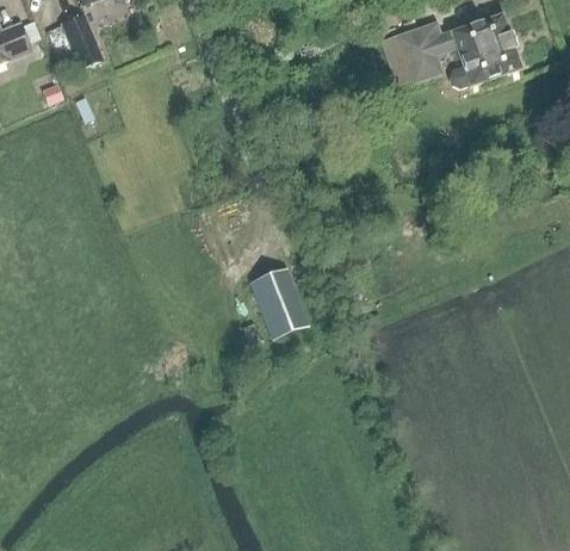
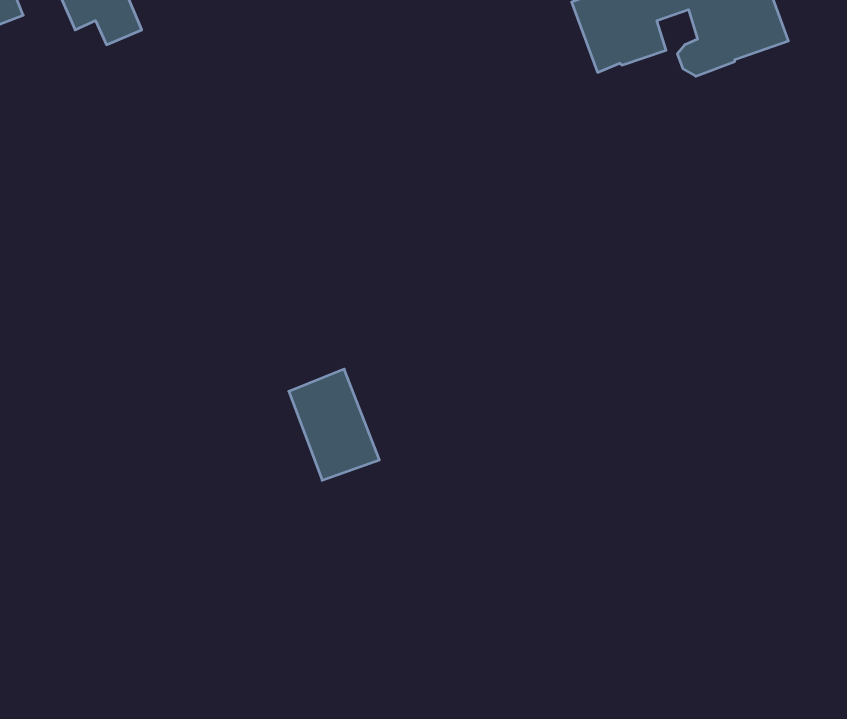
building: [253,266,311,338] -> [289,369,379,480]

